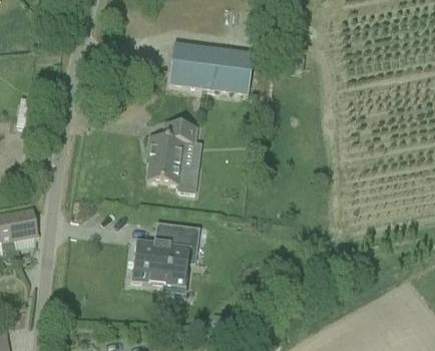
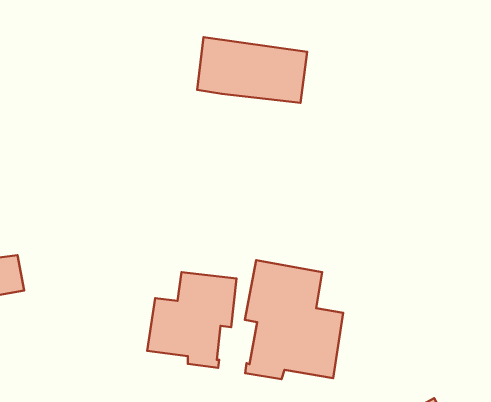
building: [146,120,198,192] -> none
building: none -> [245,260,343,379]

